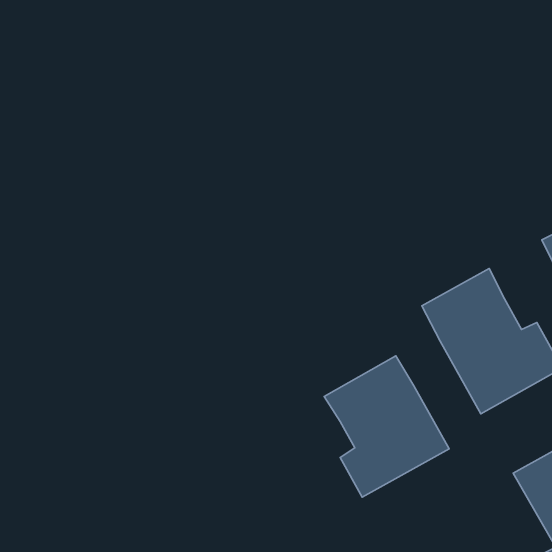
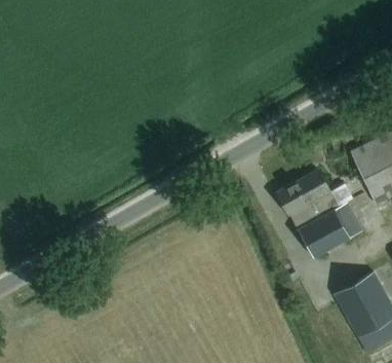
building: [324,356,449,497] -> none

